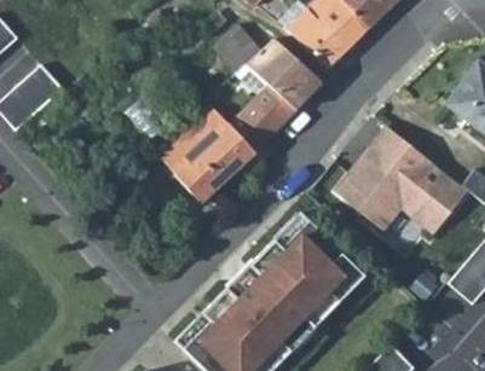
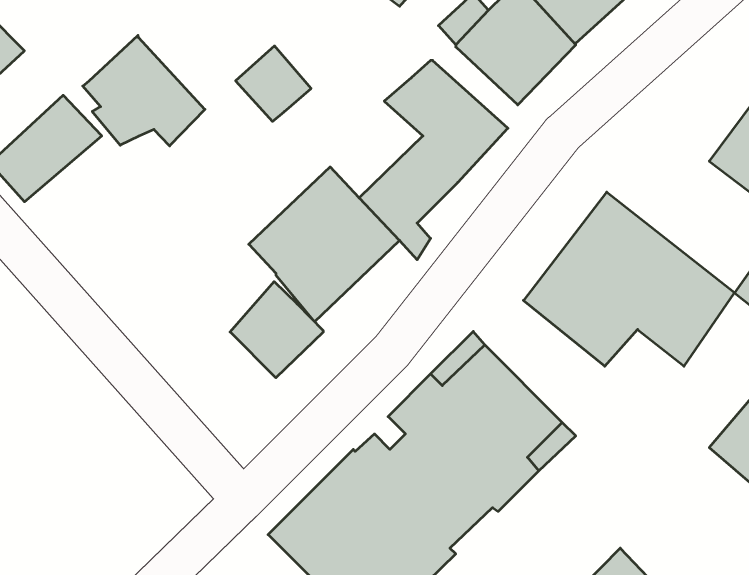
building: [214,25,261,73] -> [236,46,311,121]
building: none -> [83,35,205,146]
building: none -> [230,282,323,378]

